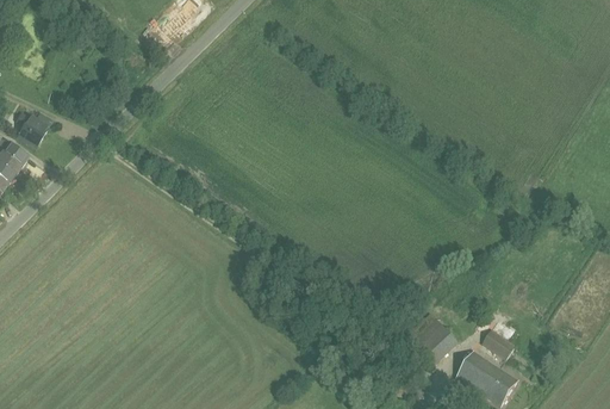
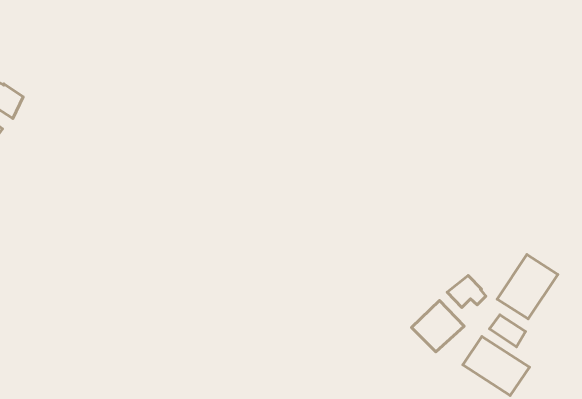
building: none -> [497,255,558,319]
building: none -> [447,276,486,308]

